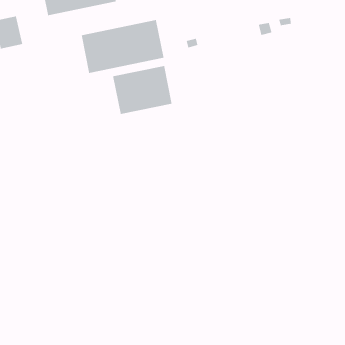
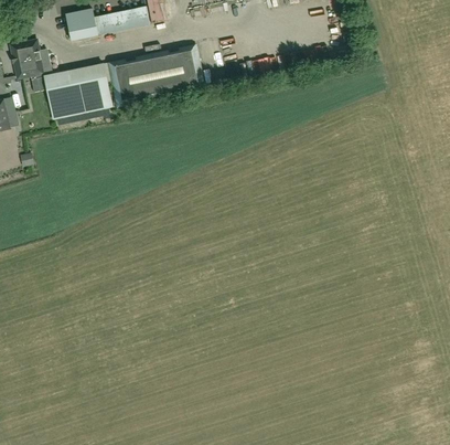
building: [112,65,173,115] -> [45,63,114,119]

